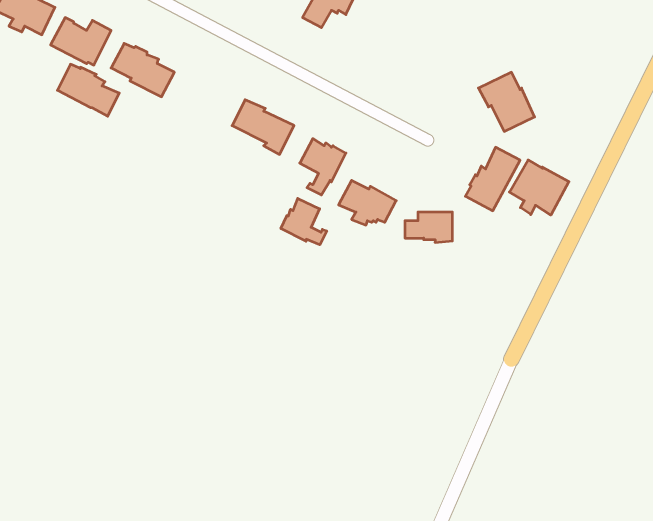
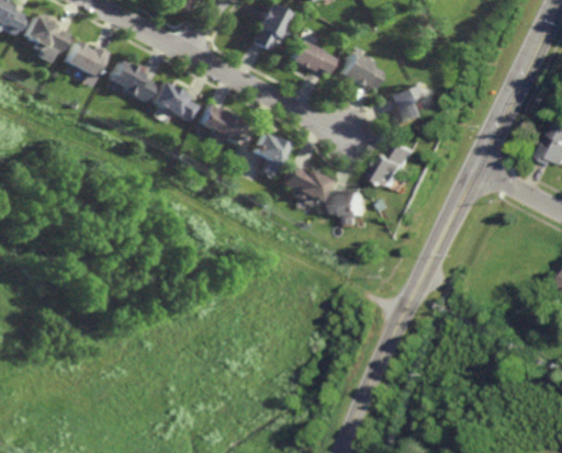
building: none -> [293,39,334,72]
building: none -> [339,53,383,89]
building: [57,64,119,116] -> [155,83,202,123]
building: [509,160,569,215] -> none
building: [281,198,327,245] -> none

